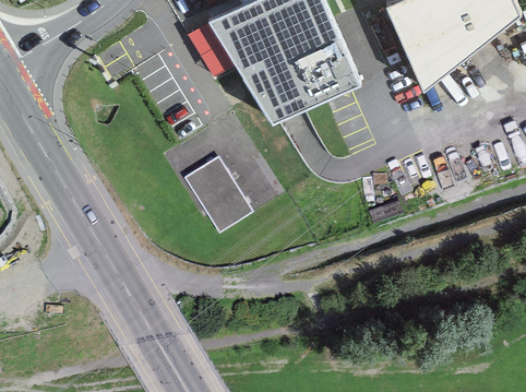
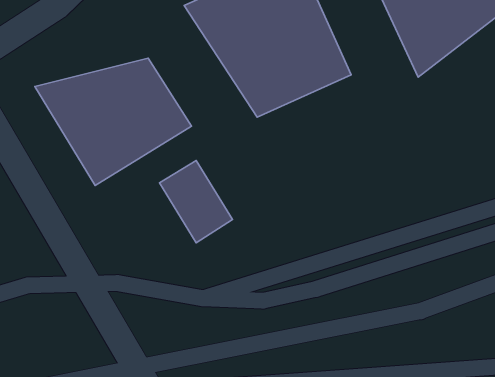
building: none -> [35,58,192,185]

